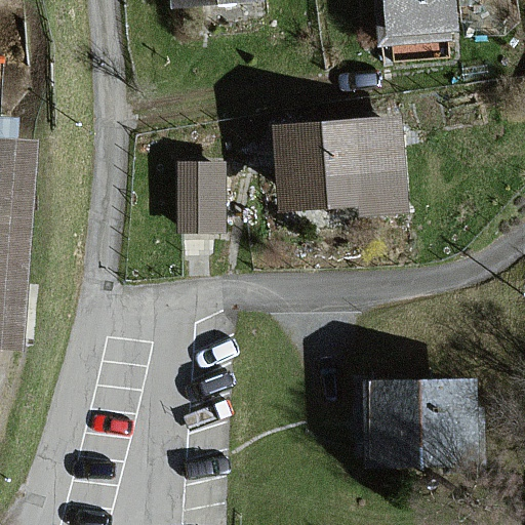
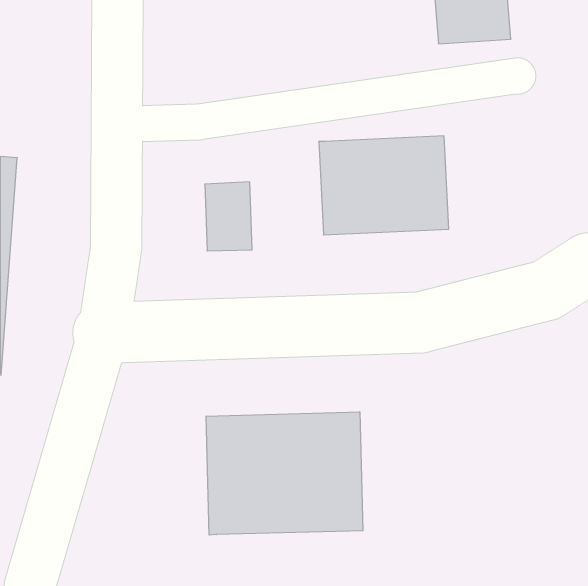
building: none -> [206,412,363,535]
building: [368,379,479,468] -> none

